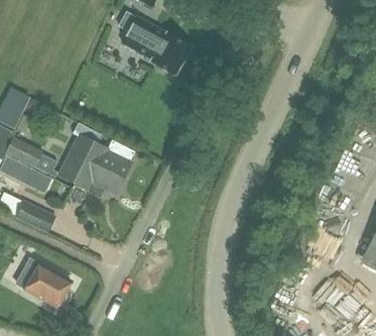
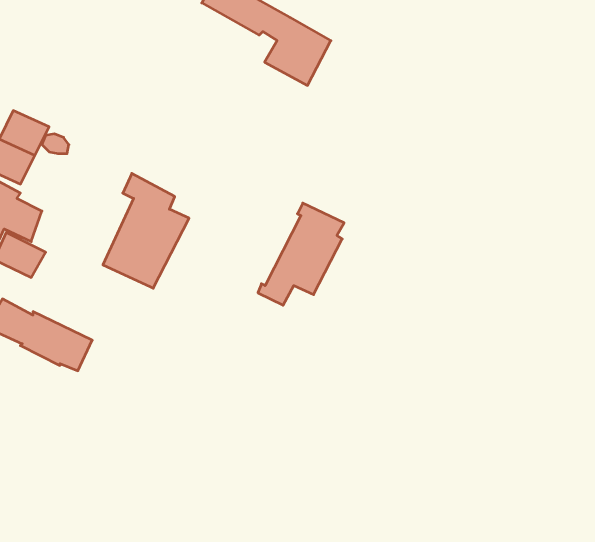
building: [86,140,134,198] -> [258,203,344,305]
building: [21,143,57,177] -> none
building: [15,257,70,305] -> none

